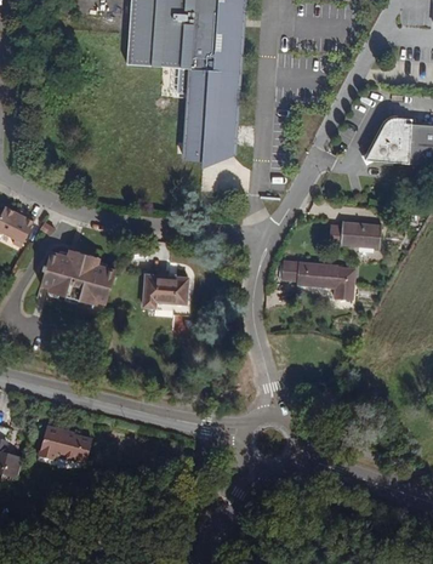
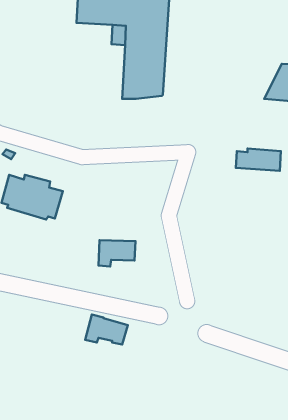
building: [280,268,355,308] -> none
building: [138,279,184,312] -> [99,240,136,267]
building: [49,420,102,457] -> [85,314,128,345]

